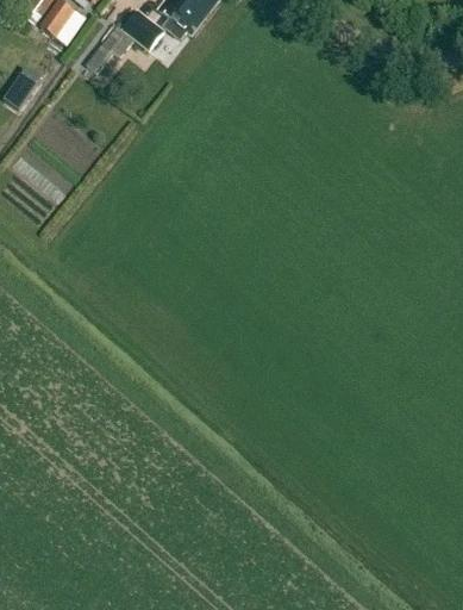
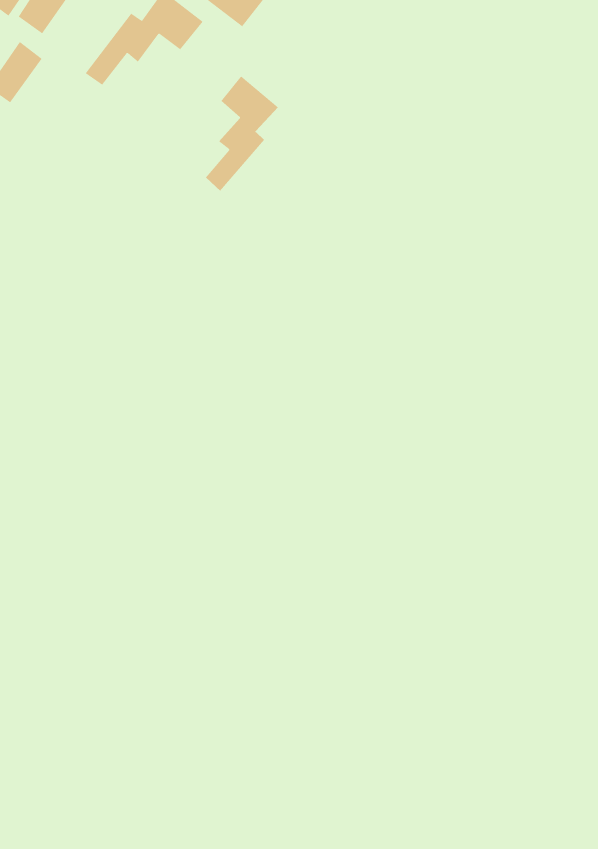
building: none -> [205,76,279,192]

